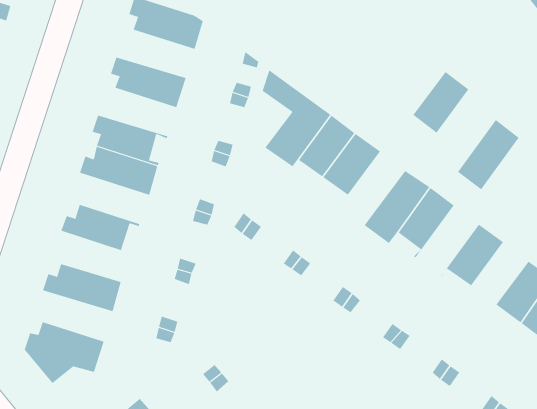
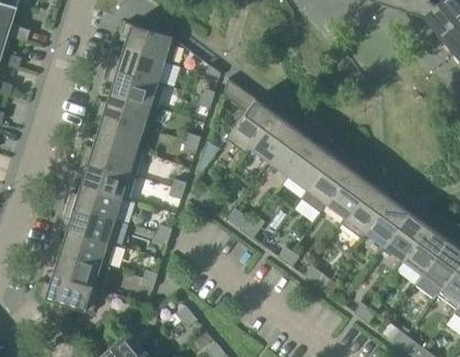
building: none -> [110,48,171,85]
building: [413,71,469,133] -> [289,142,333,191]
building: none -> [95,93,157,130]
building: [457,119,520,190] -> [342,184,390,239]
building: none -> [77,159,136,198]
building: none -> [62,204,115,243]
building: none -> [384,212,428,261]
building: none -> [48,250,110,289]

